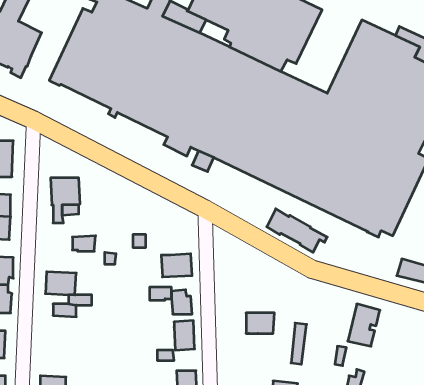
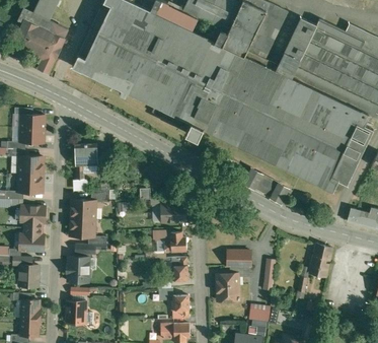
building: none -> [277,17,316,77]
building: none -> [71,200,95,219]
building: none -> [67,257,90,282]
building: none -> [216,267,238,297]

